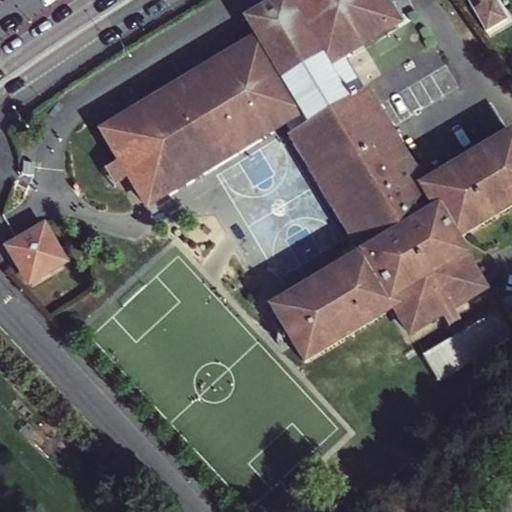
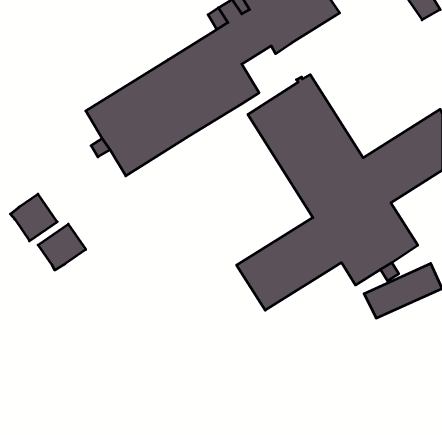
building: [280,50,359,132] -> none
building: none -> [38,224,86,270]

